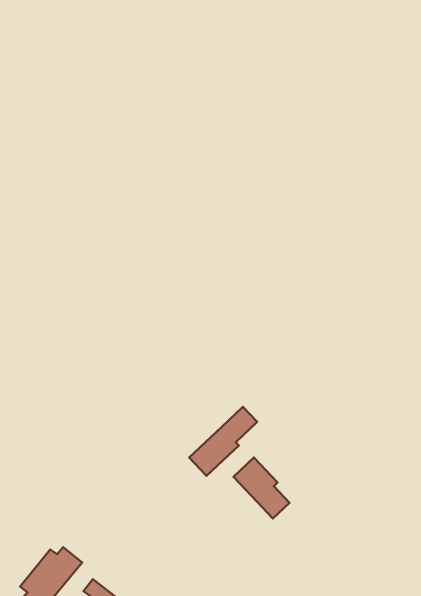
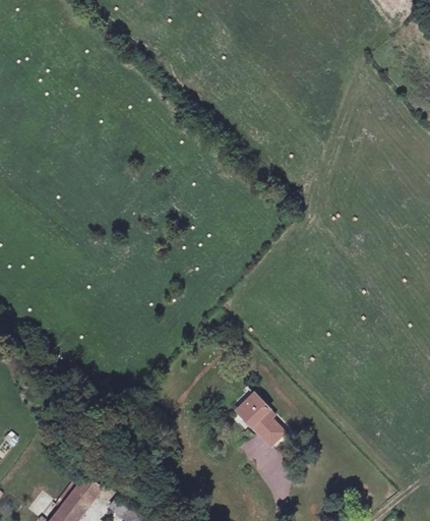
building: [189,407,257,476] -> none

